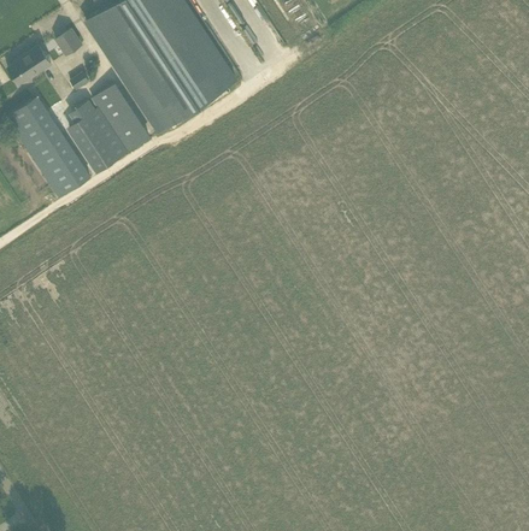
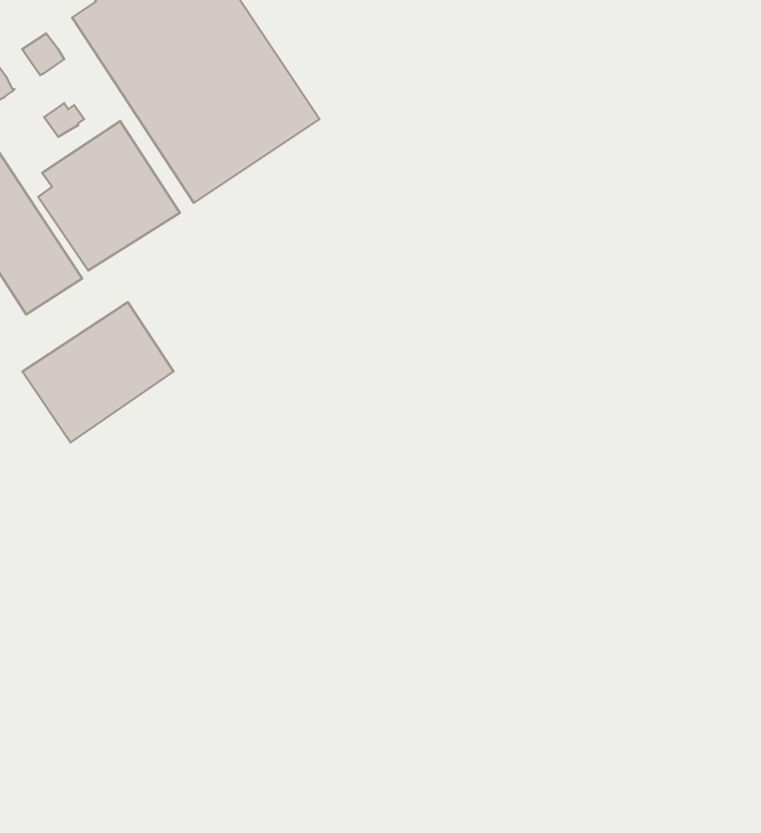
building: none -> [23,302,174,442]

